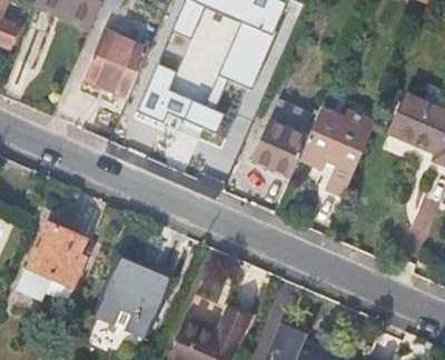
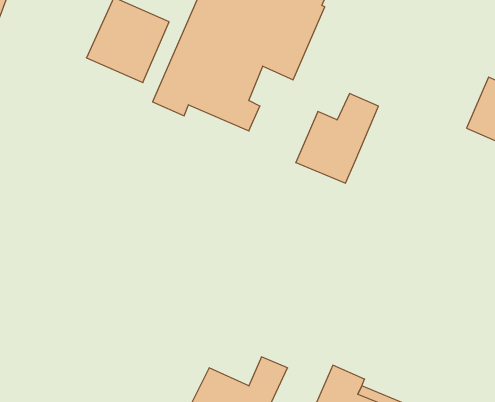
building: [299,108,375,197] -> none
building: [18,221,88,299] -> none
building: [92,253,172,336] -> none

